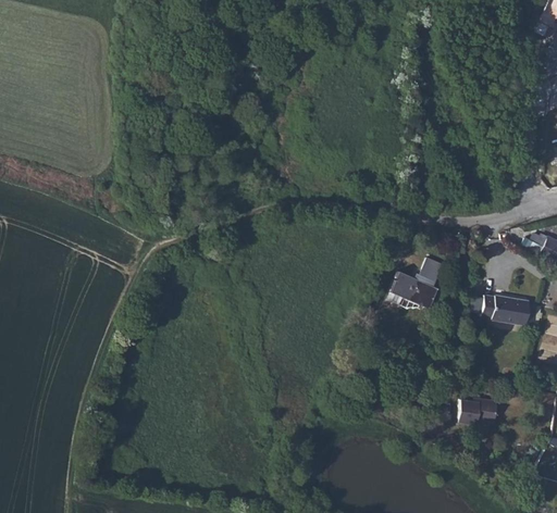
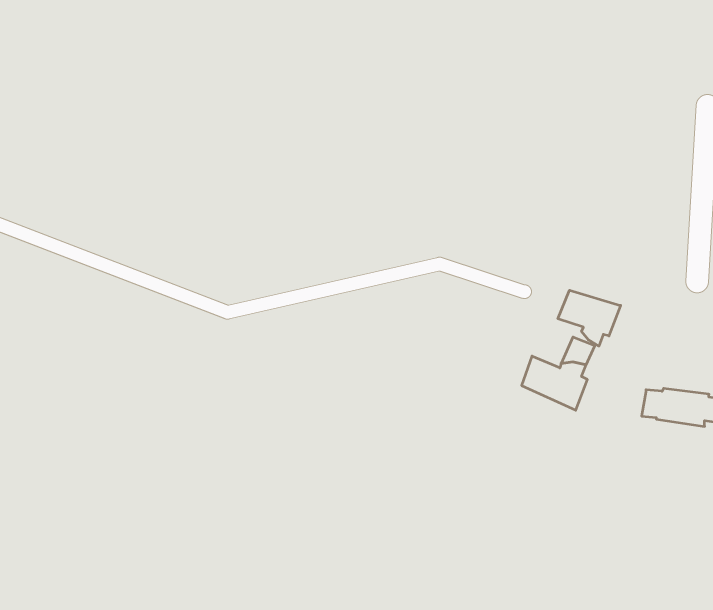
building: none -> [558,290,621,346]
building: [456,399,493,425] -> none

